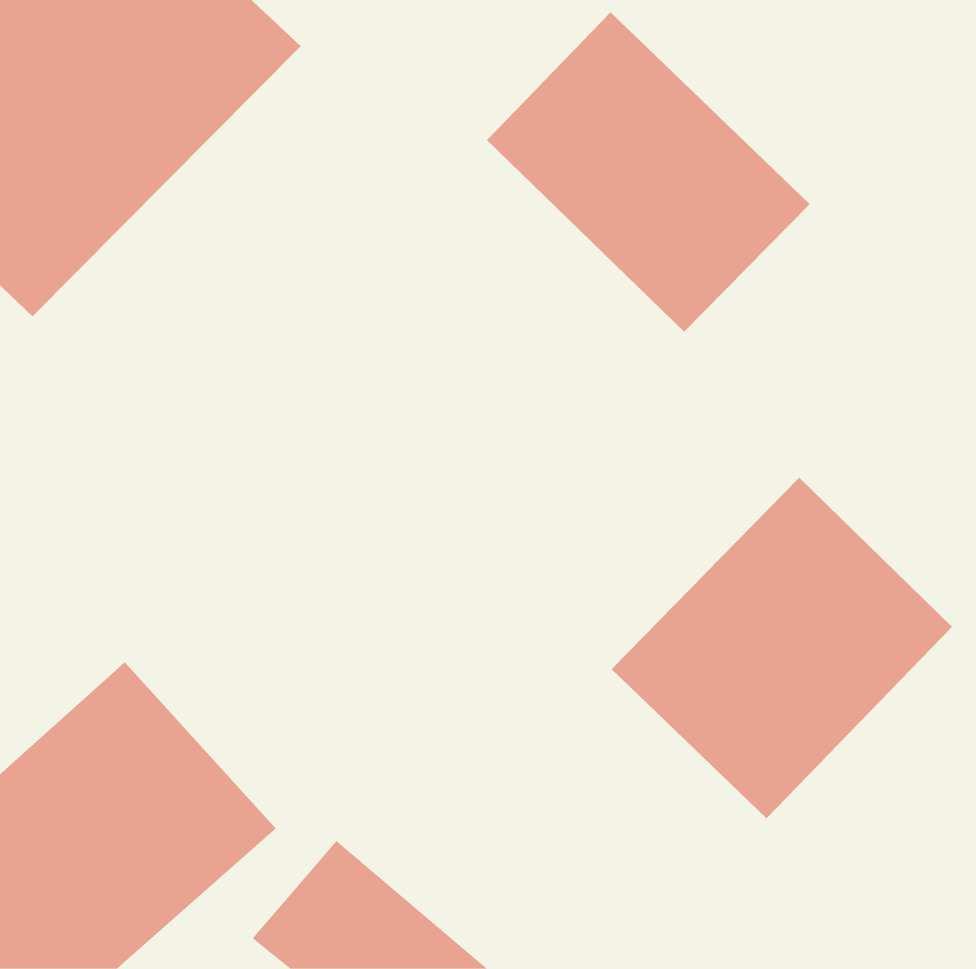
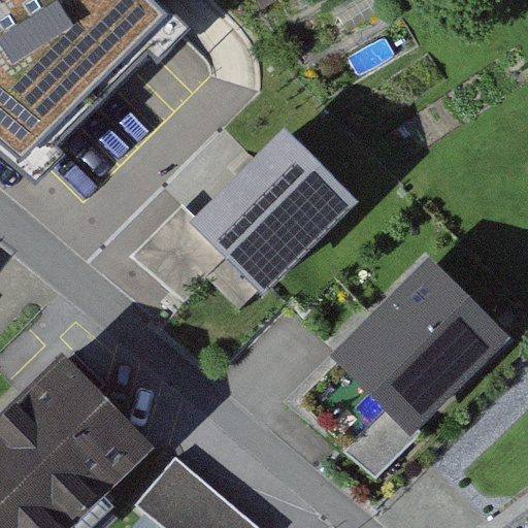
building: [486,12,810,333] -> none
building: none -> [135,140,351,302]

